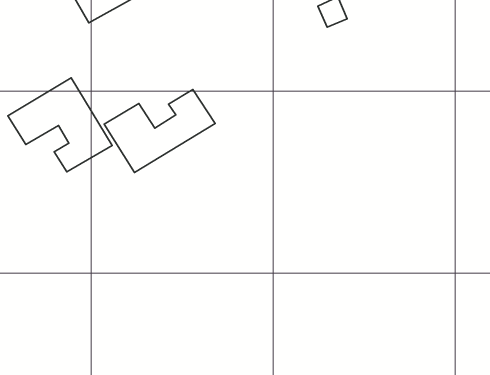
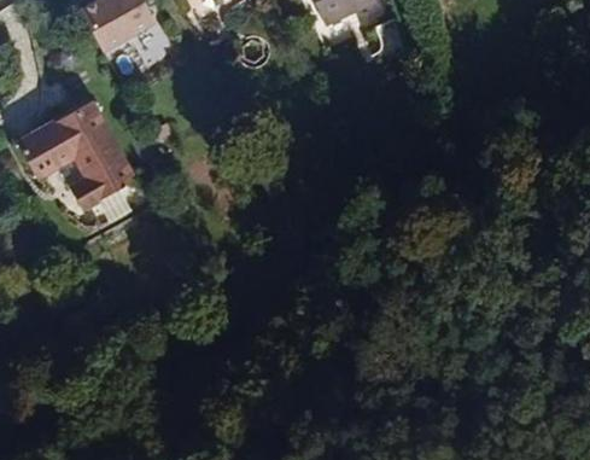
building: [104,90,215,173] -> none

